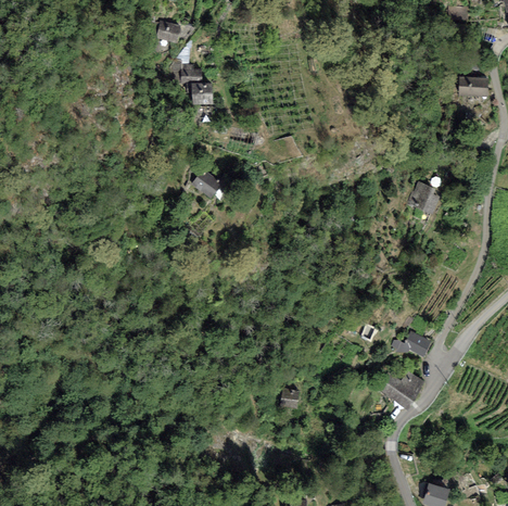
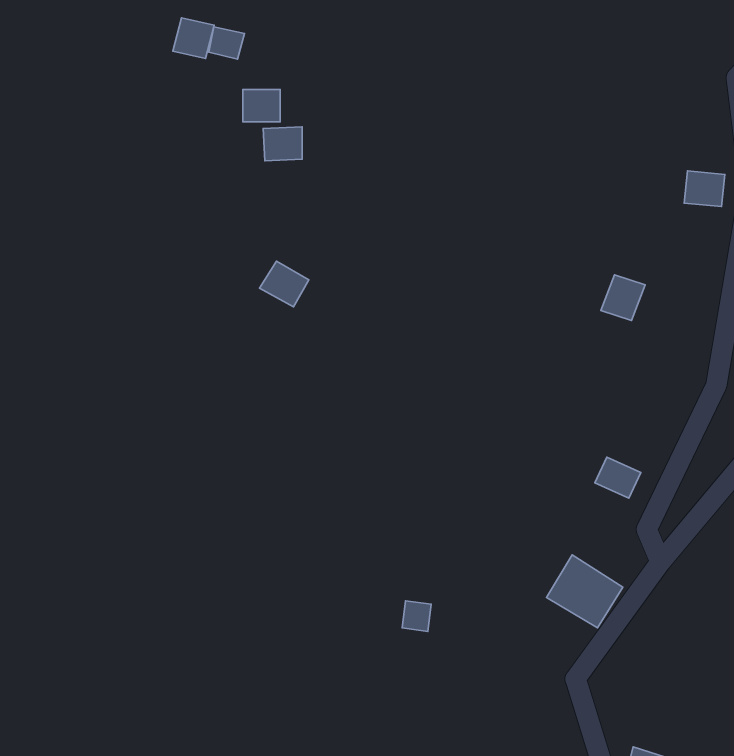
building: none -> [173,18,214,58]
building: [459,71,485,93] -> [684,171,725,207]
building: [402,330,431,356] -> [595,457,641,498]

